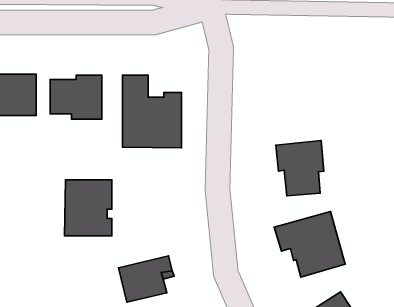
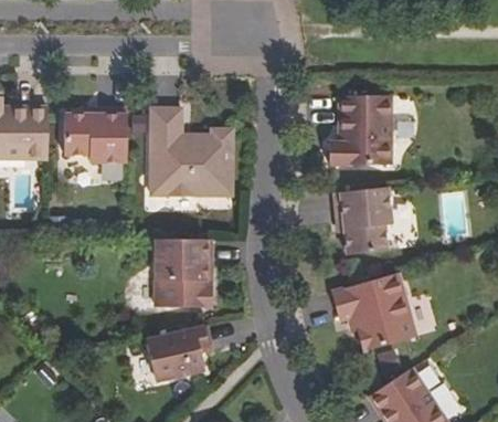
building: none -> [328,95,390,163]
building: [65,180,112,236] -> [155,239,211,306]

